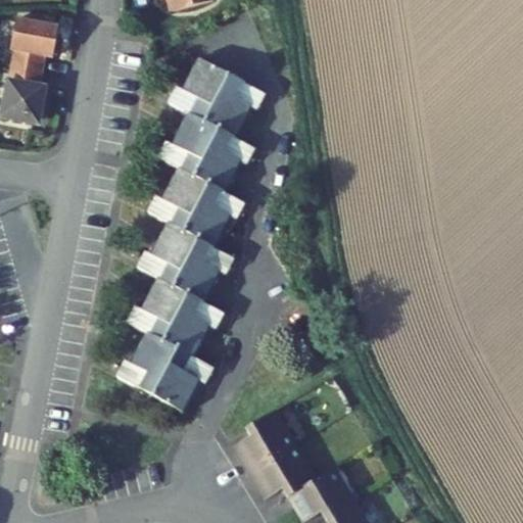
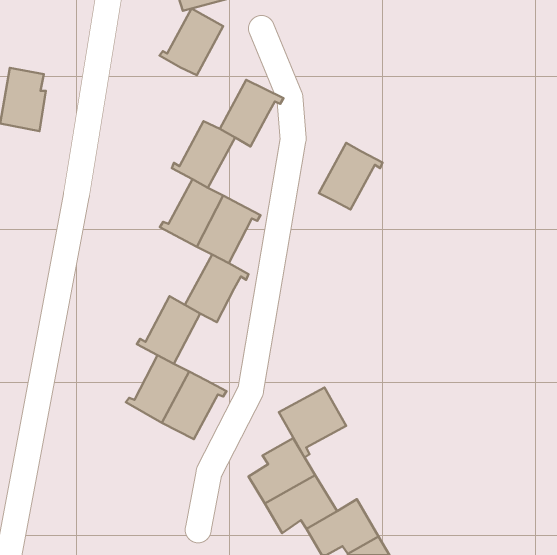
building: [8,17,56,69] -> none
building: [171,58,230,121] -> [160,9,223,75]
building: [194,129,253,191] -> [319,143,382,210]
building: [139,223,198,285] -> none
building: [162,293,222,355] -> none
building: none -> [279,387,346,457]

